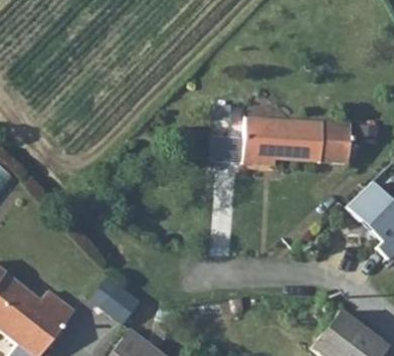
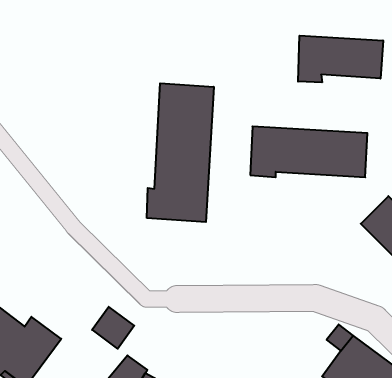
building: none -> [298,36,383,82]
building: none -> [147,83,214,222]

